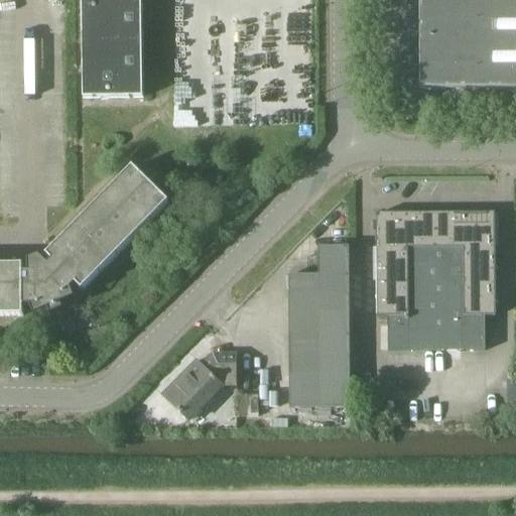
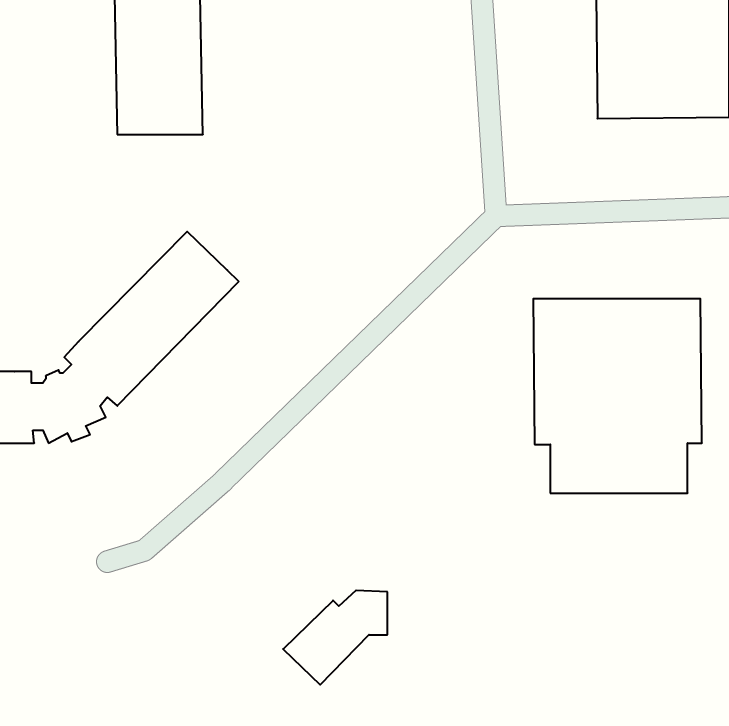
building: [288,244,350,404] -> none
building: [162,351,236,417] -> [283,590,387,685]

